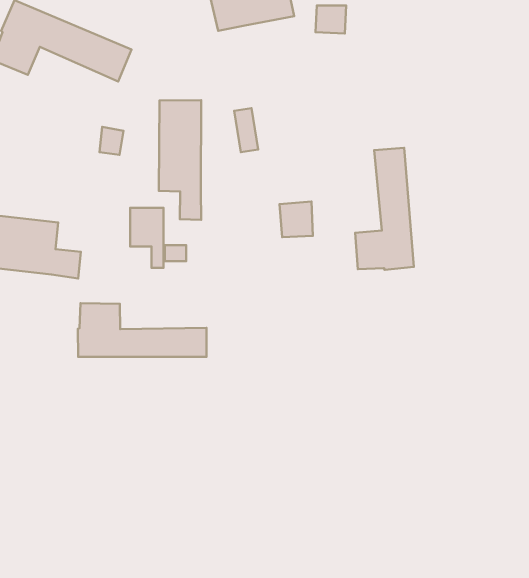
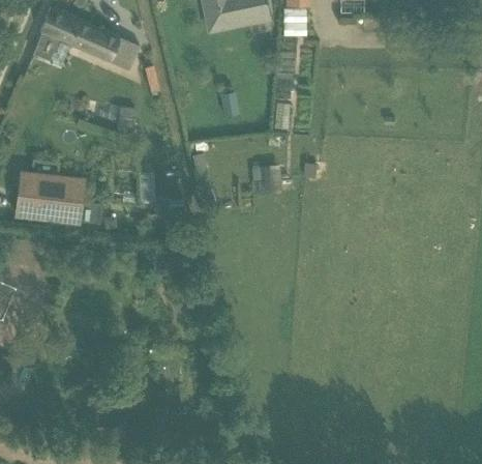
building: [159,100,201,220] -> none
building: [355,148,414,270] -> none
building: [78,303,207,357] -> none

